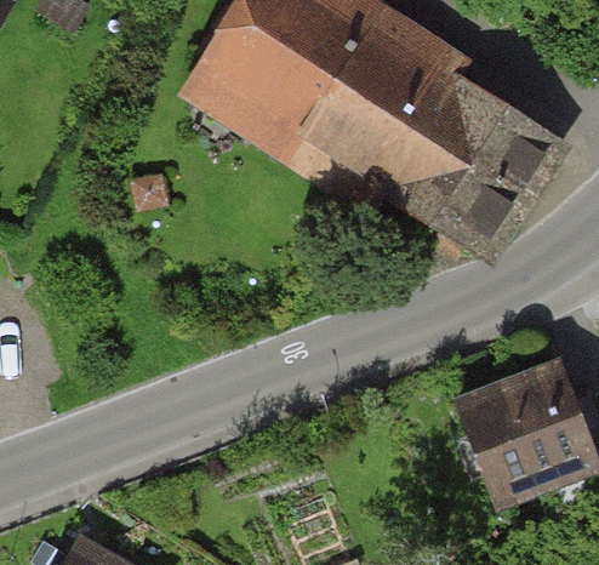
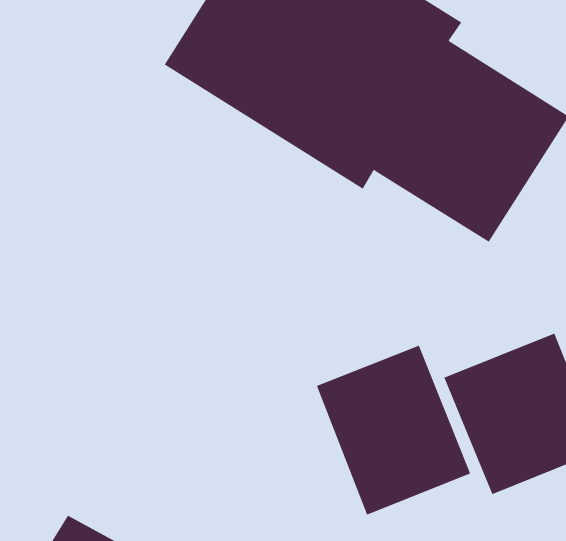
building: none -> [316,345,471,515]

